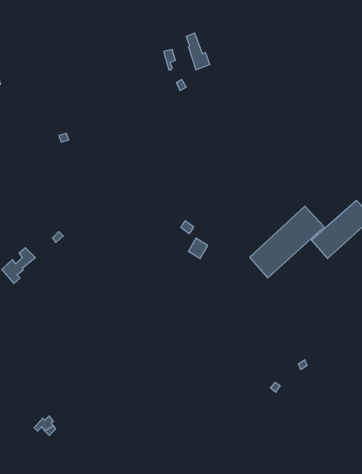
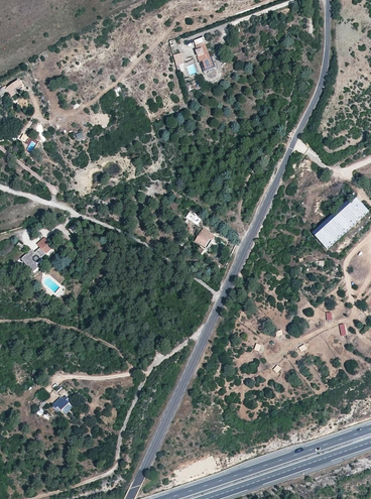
building: [250,206,324,278] -> none

